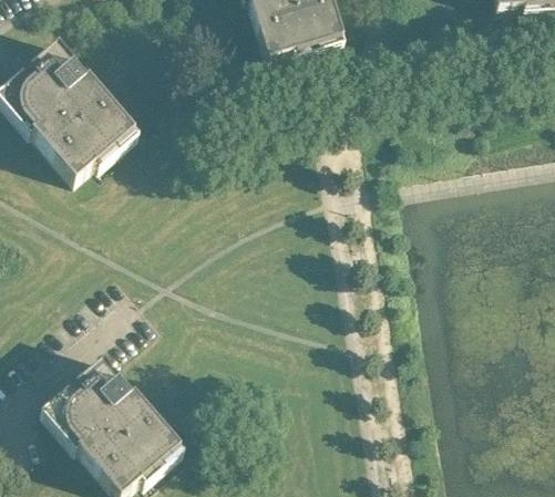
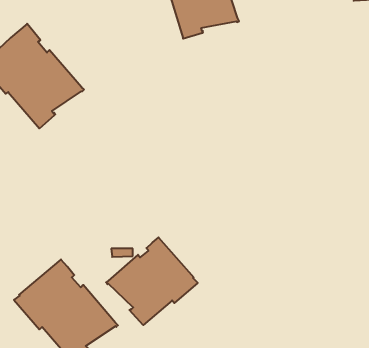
building: none -> [106,237,198,325]

